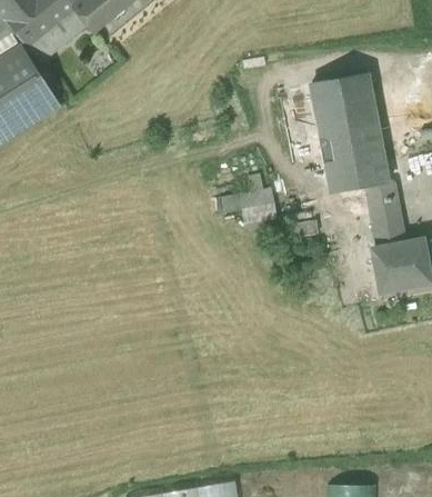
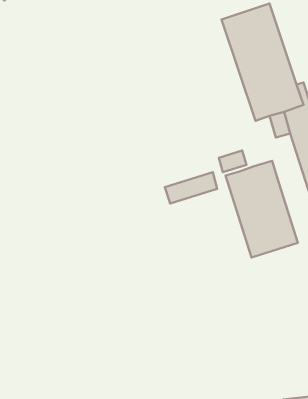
building: [221,190,275,217] -> [165,172,217,204]
building: none -> [226,161,298,257]

